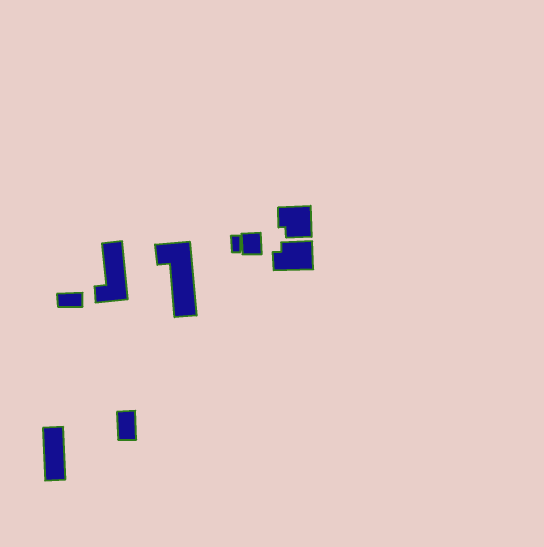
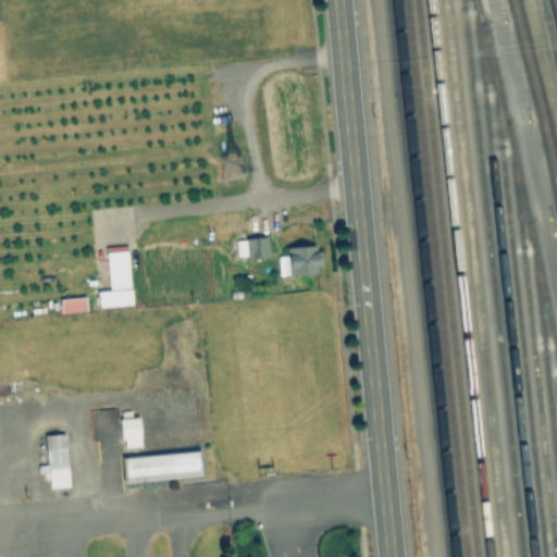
building: [278,206,312,238] -> none
building: [155,242,197,317] -> none
building: none -> [125,453,201,481]

